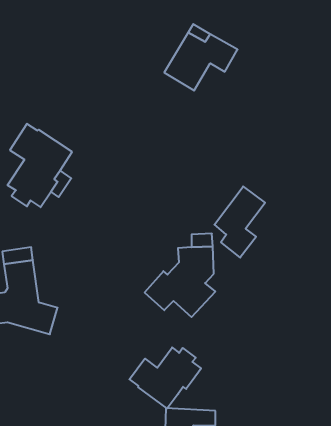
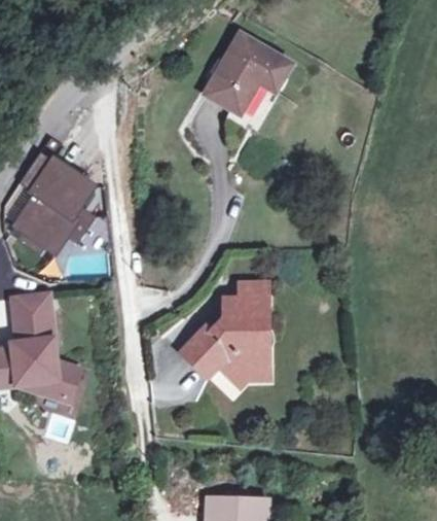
building: [214,186,265,258] -> none
building: [129,347,201,408] -> none

